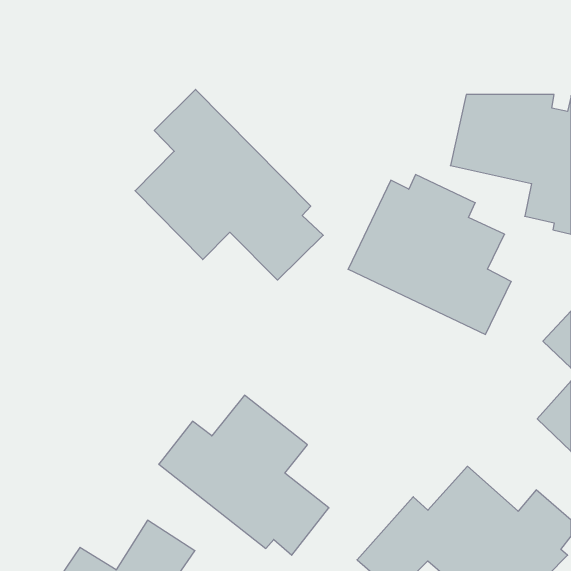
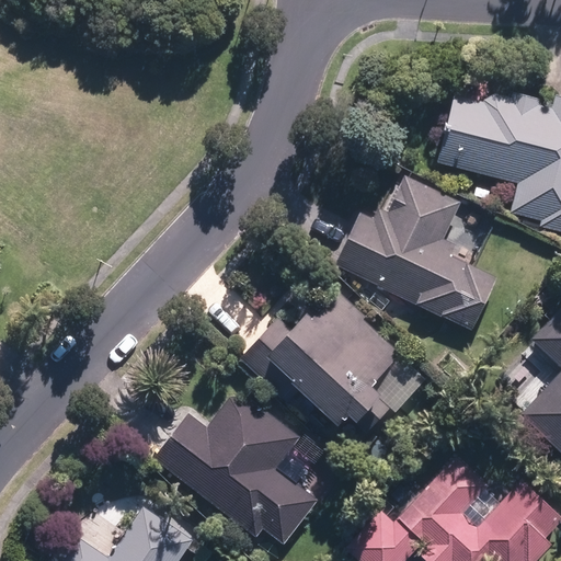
building: [135,89,323,280] -> none
building: none -> [241,293,427,443]

